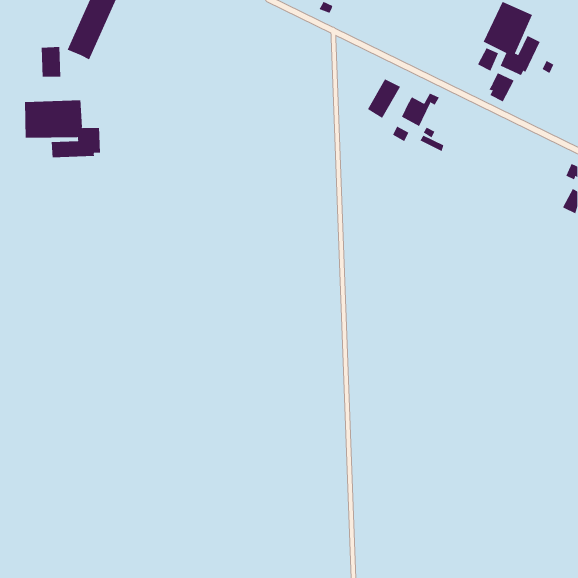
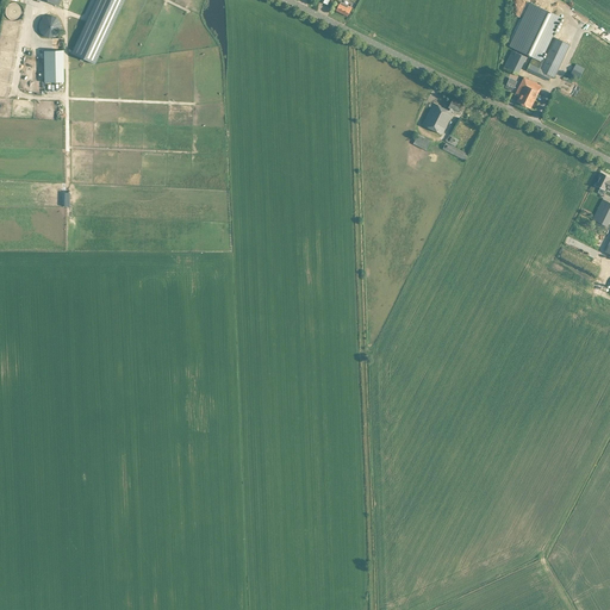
building: [367,78,401,119] -> none
building: [25,100,101,158] -> none

